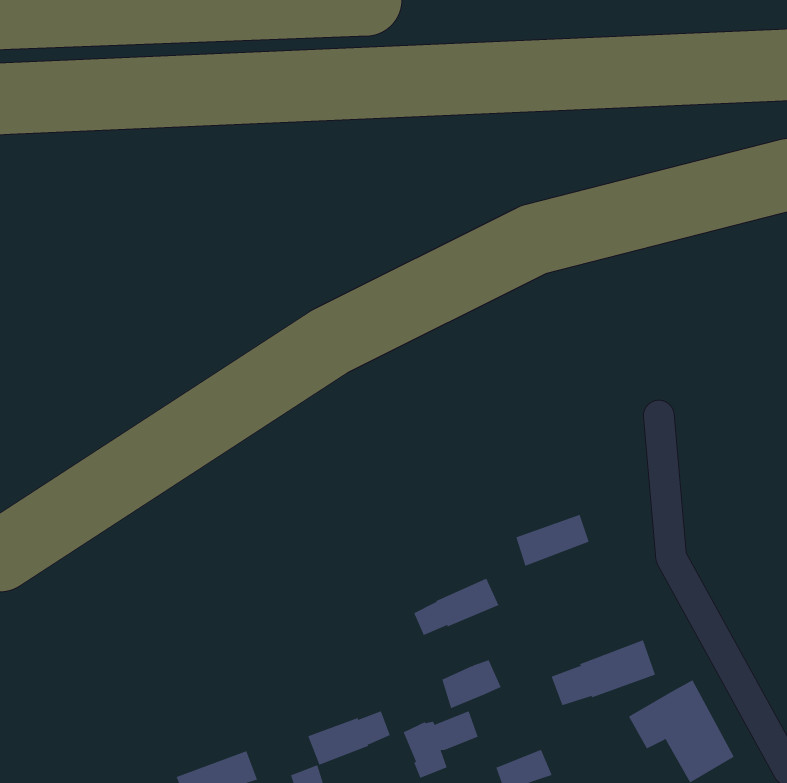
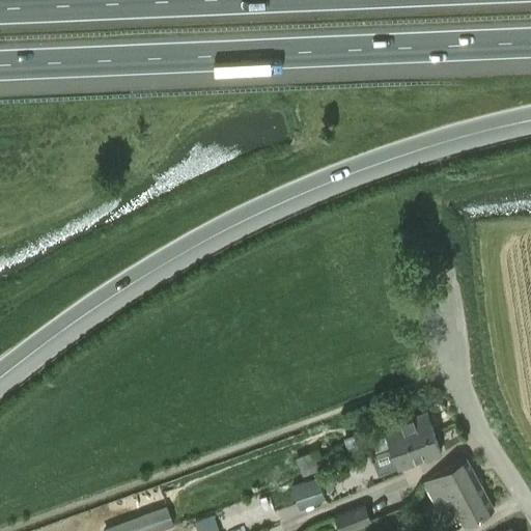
building: [515,514,590,567] -> [384,415,434,450]
building: [413,578,499,636] -> none
building: [307,711,390,765] -> none

